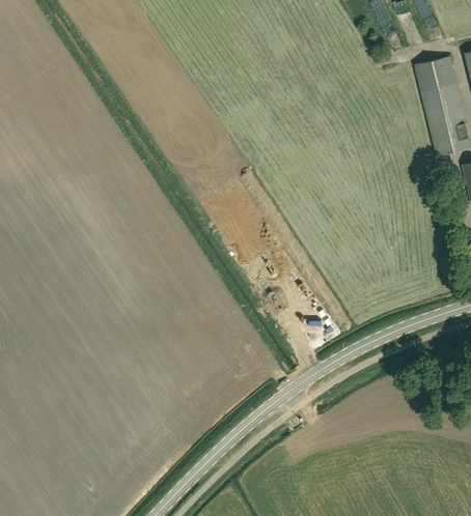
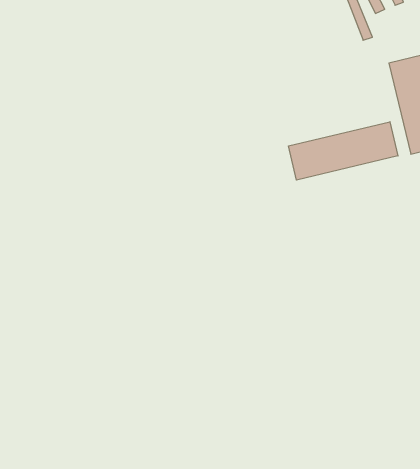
building: none -> [289,122,398,180]

